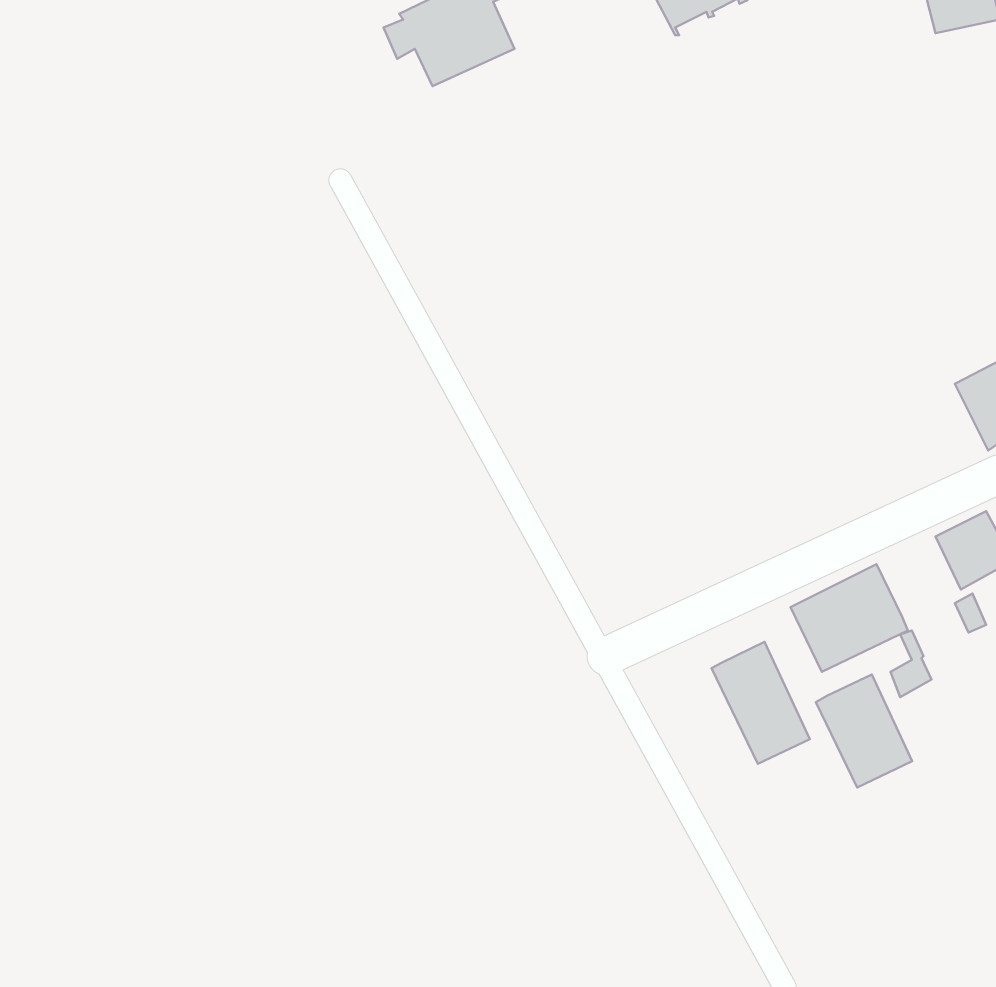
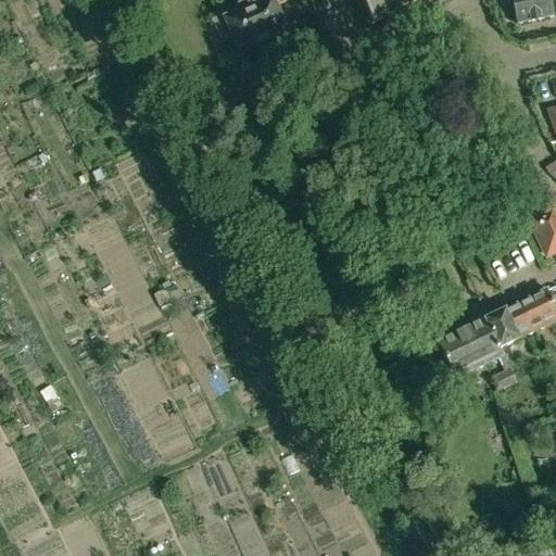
building: none -> [489,298,535,342]
building: [712,642,810,764] -> none
building: [816,674,912,787] -> none

